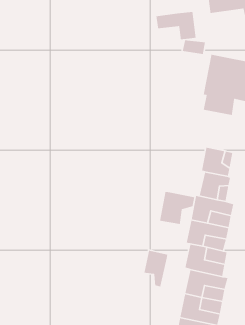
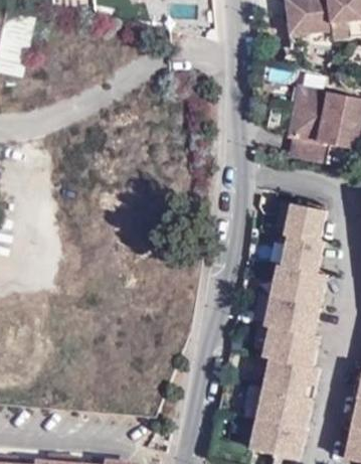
building: [156,11,196,40] -> none
building: [159,191,195,225] -> none
building: [143,250,168,287] -> none

